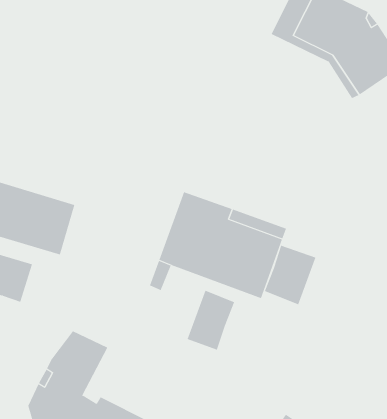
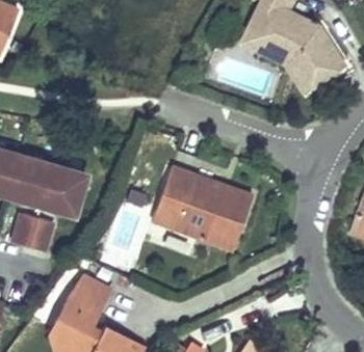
building: [264,245,316,305] -> none
building: [187,290,235,350] -> none

